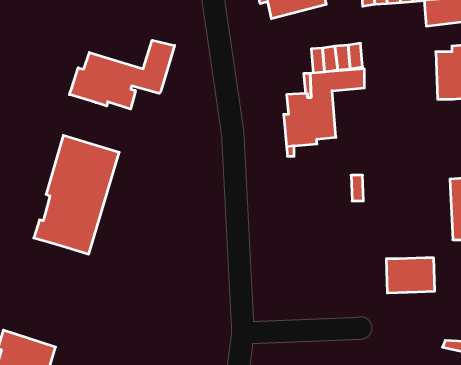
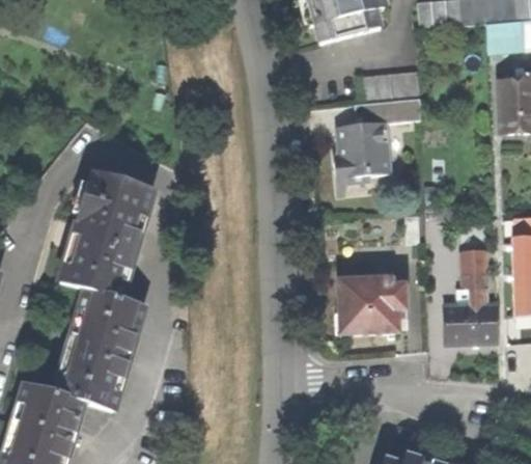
building: [69,40,175,109] -> none
building: none -> [458,250,487,305]
building: none -> [336,277,408,338]
building: none -> [55,290,145,411]

